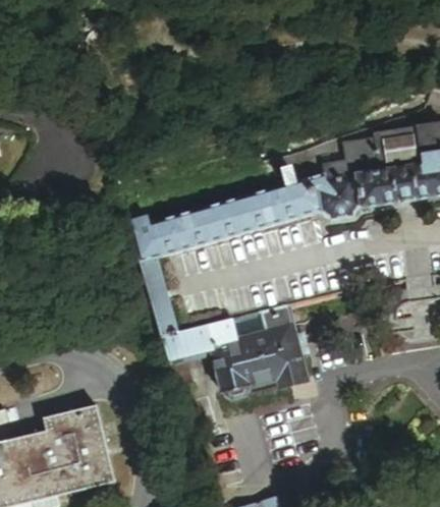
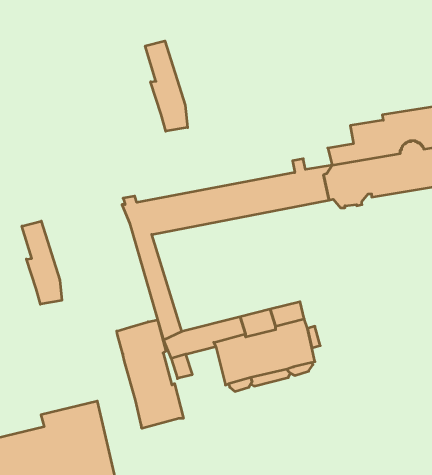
building: none -> [145,41,188,131]
building: none -> [22,221,62,304]
building: none -> [117,320,183,428]

